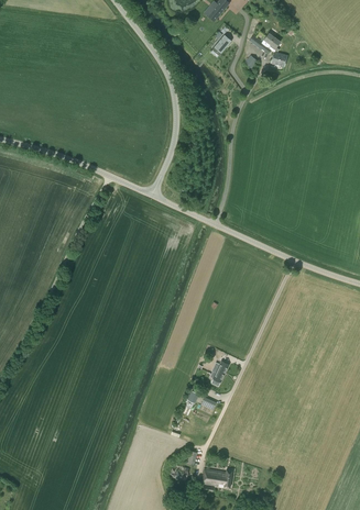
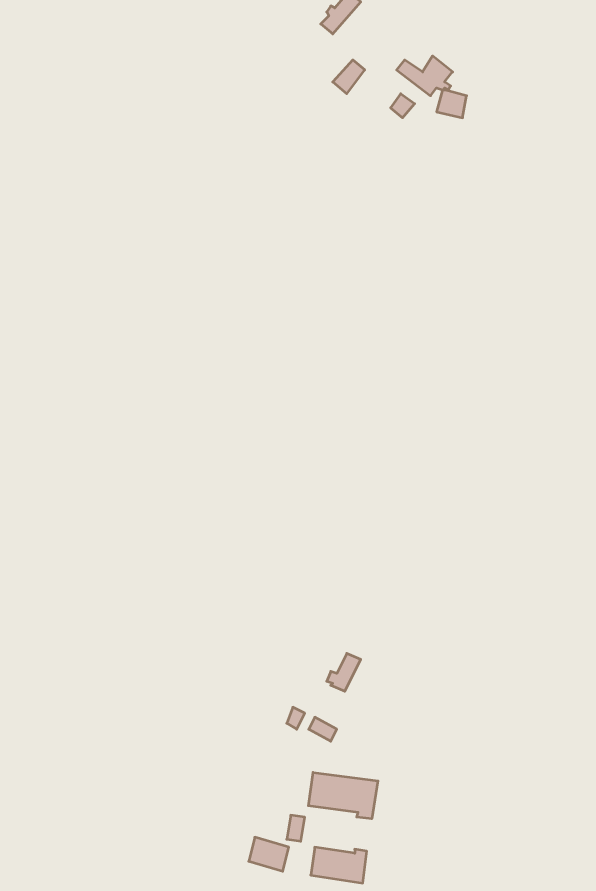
building: none -> [308,772,378,819]

